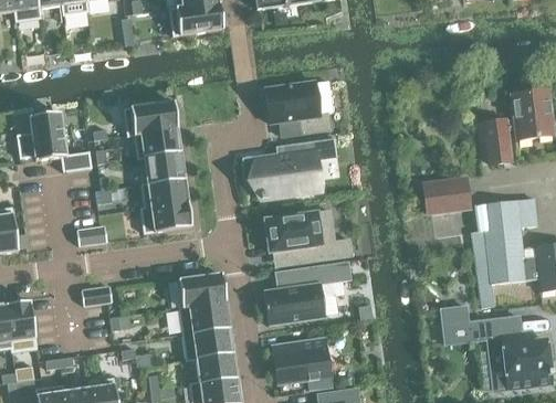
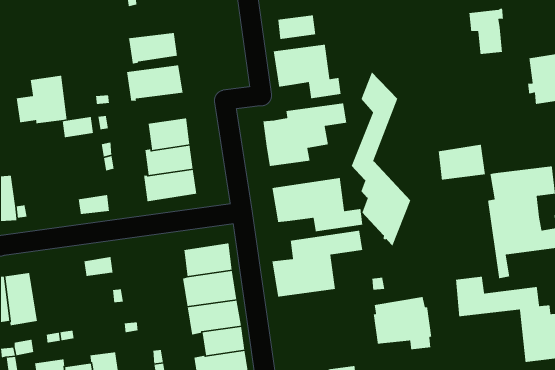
building: none -> [277,14,316,40]
building: none -> [351,71,411,247]
building: [476,118,511,163] -> [468,8,504,55]
building: [133,128,181,159] -> [127,32,178,64]
building: [273,337,331,389] -> [373,296,432,350]

